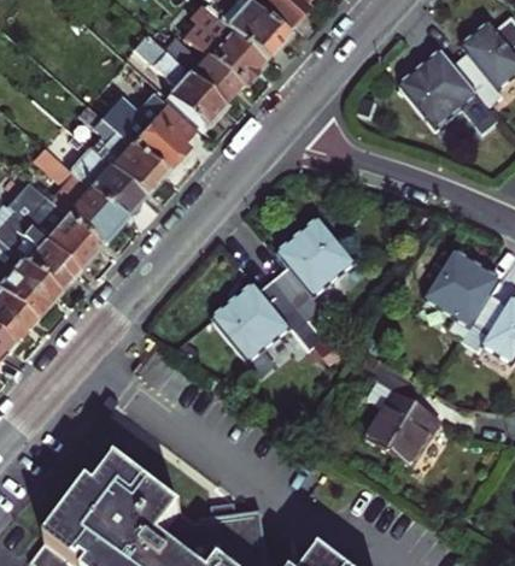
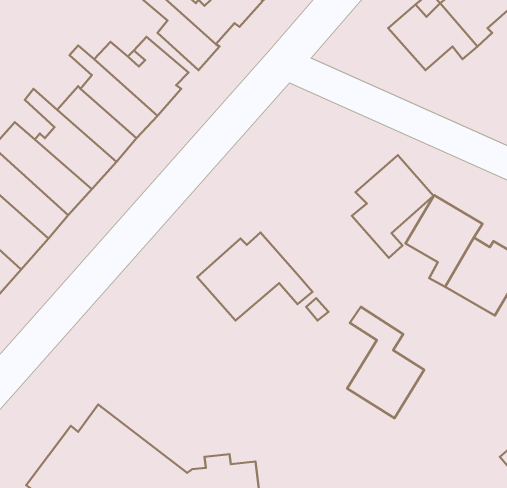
building: [271,224,351,324] -> [352,155,434,258]

